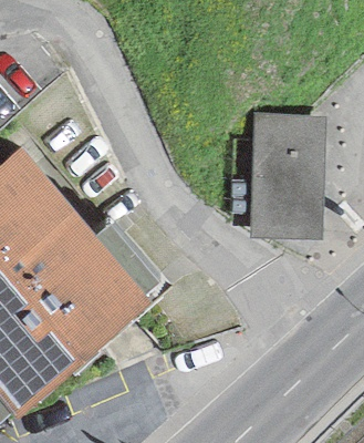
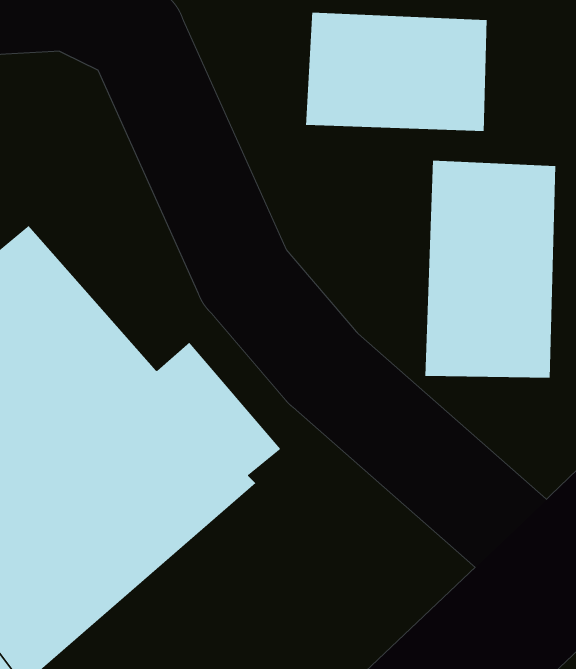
building: none -> [306,12,487,132]

